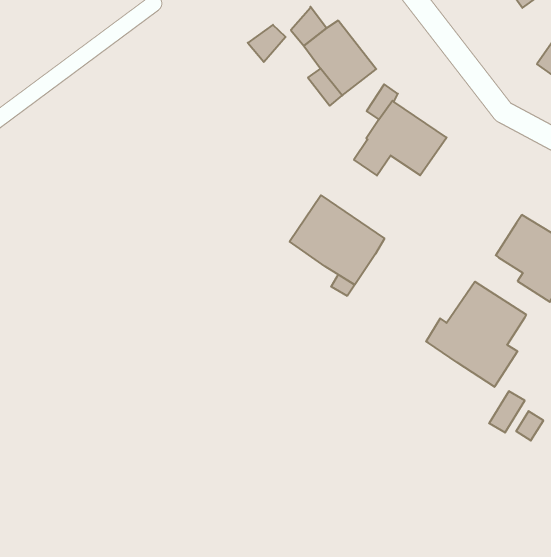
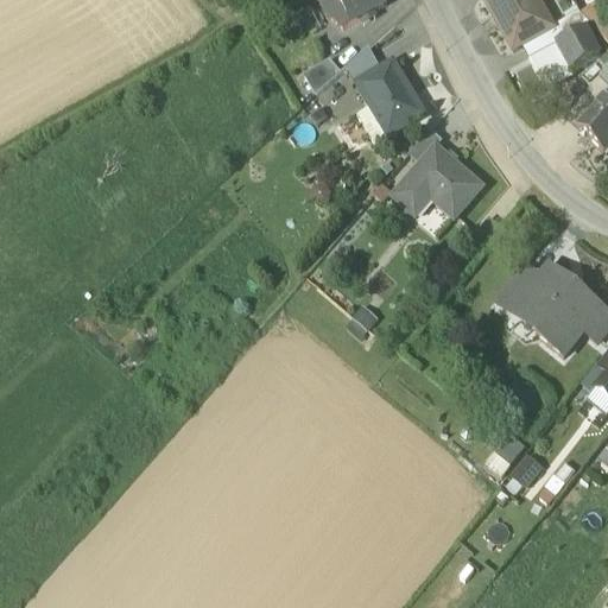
building: [290,195,384,285] -> none
building: none -> [500,264,540,309]
building: [426,282,526,387] -> none

